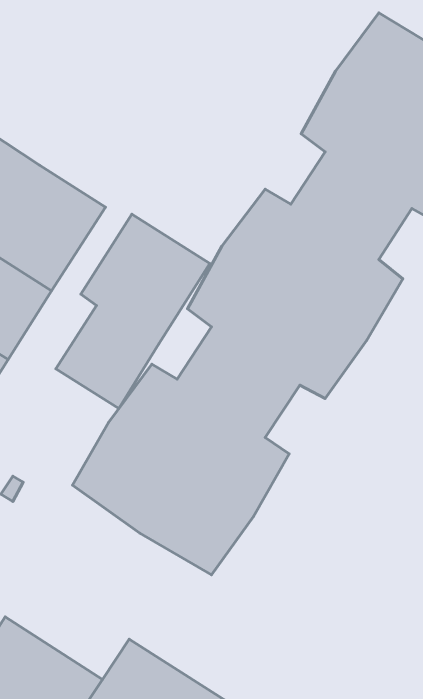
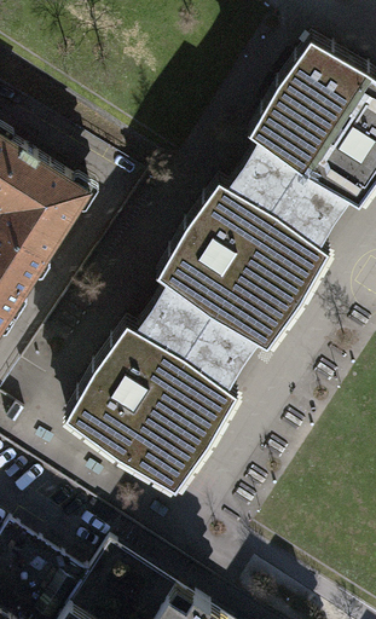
building: [56,214,210,409] -> none

